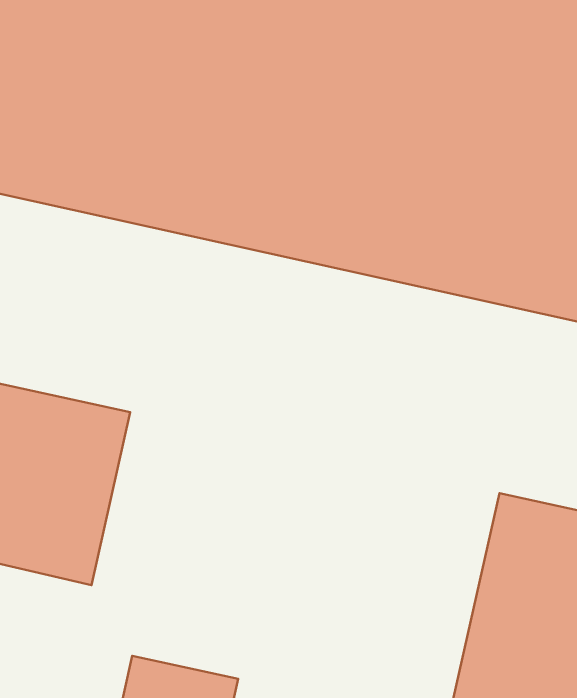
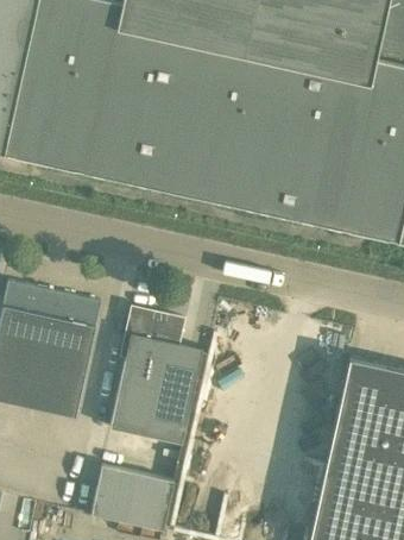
building: none -> [111,309,202,444]

